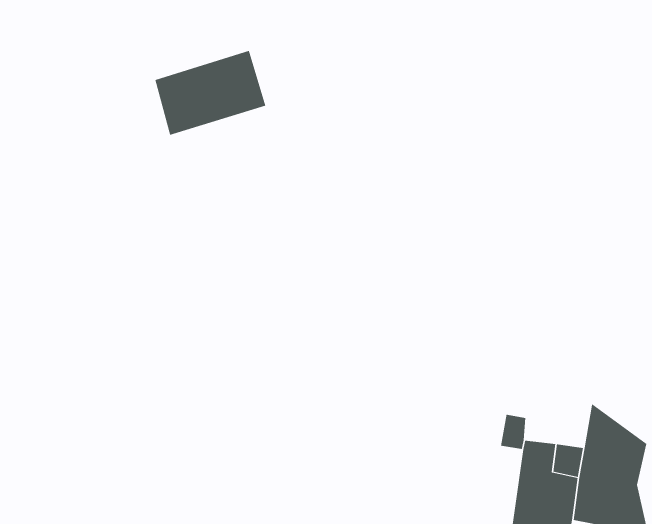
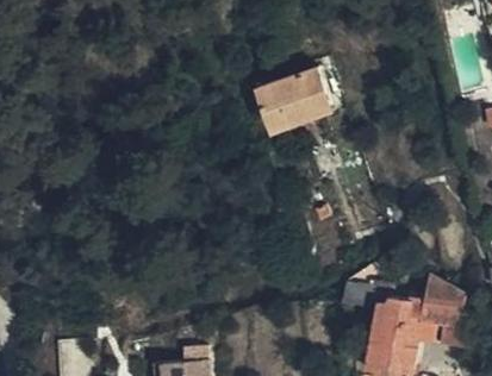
building: [155,50,266,136] -> [262,70,334,125]

